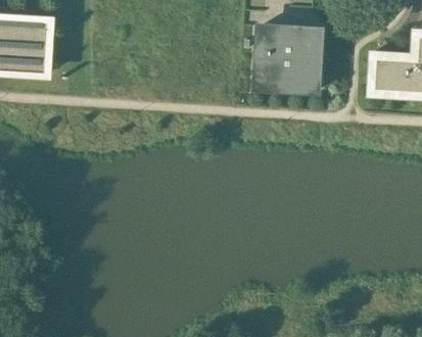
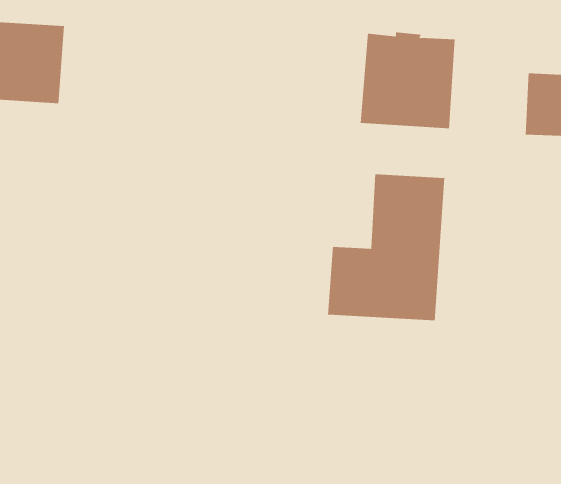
building: none -> [327,174,445,321]

